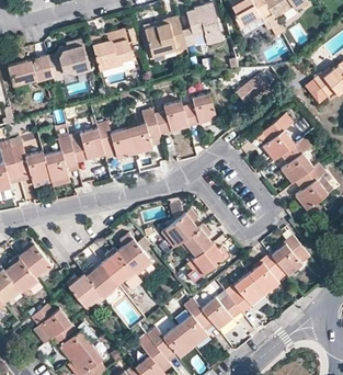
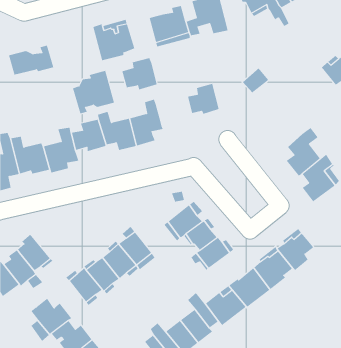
building: [47,38,89,81] -> [72,70,115,114]
building: [153,101,188,133] -> [122,58,158,90]
building: [262,113,295,161] -> none

